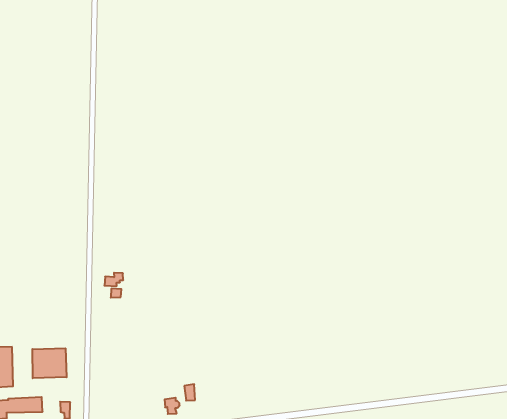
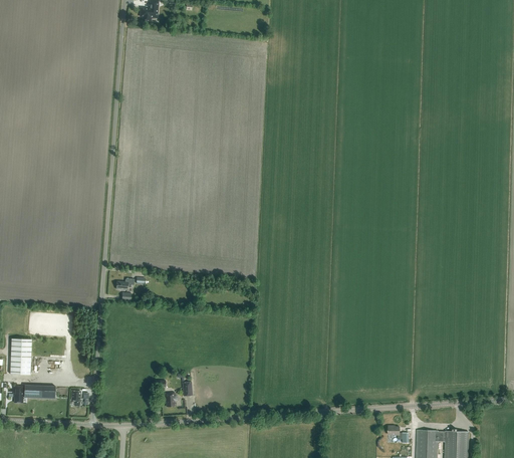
building: [32,348,67,378] -> none

